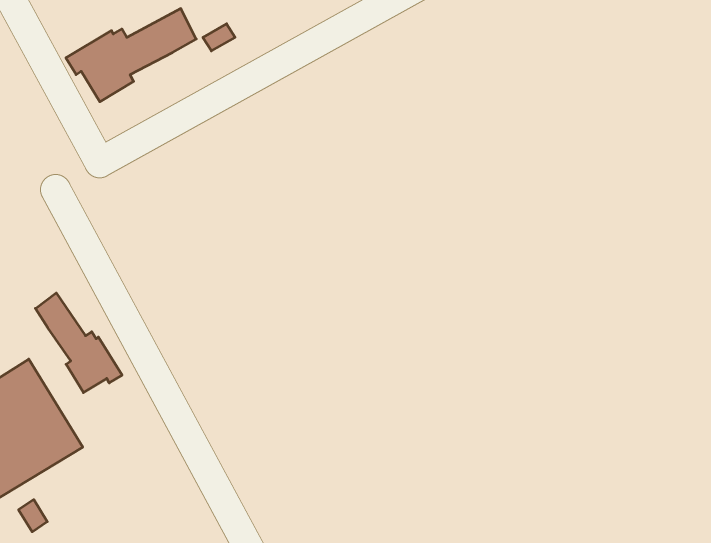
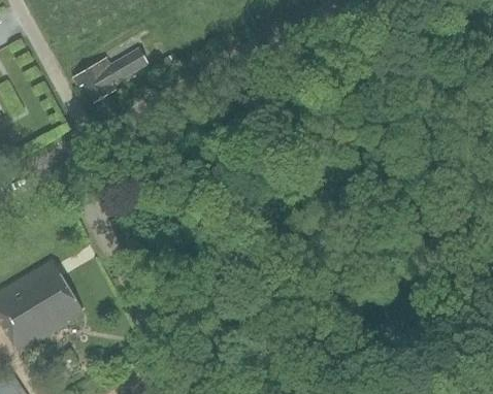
building: [35,293,122,393] -> none

